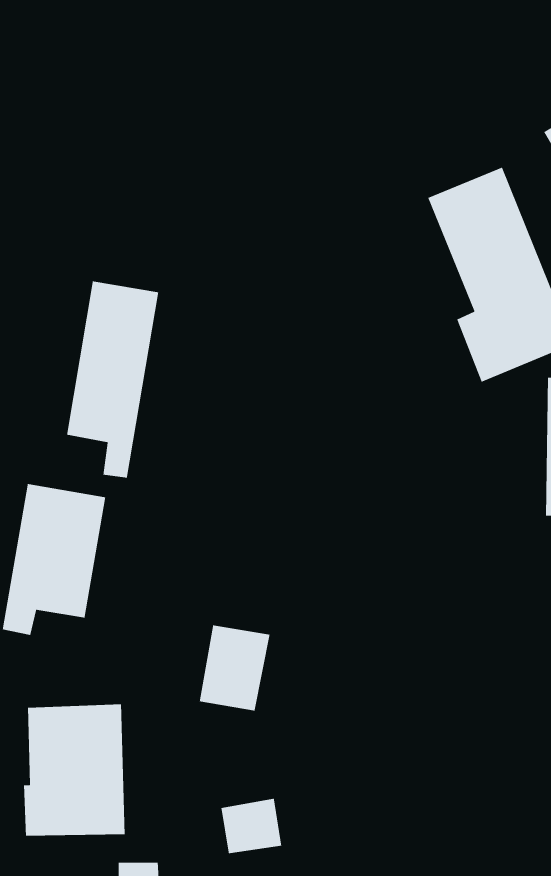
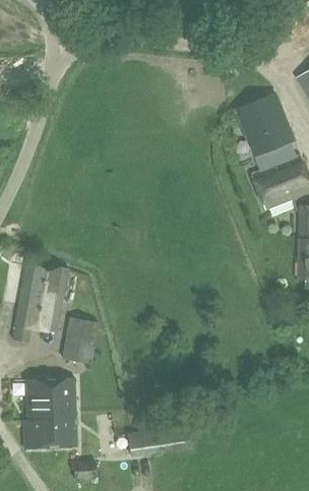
building: [66,280,159,478] -> none
building: [199,625,271,711] -> [62,317,100,363]

